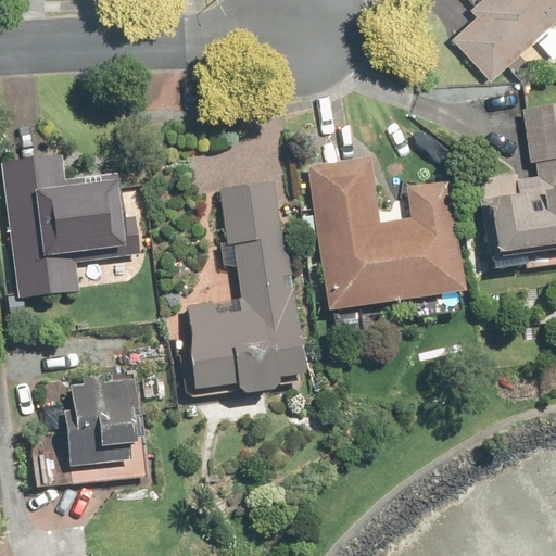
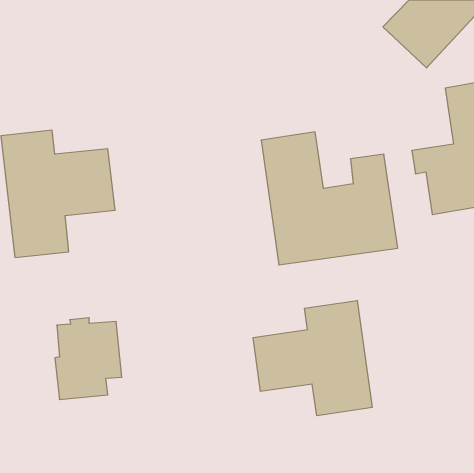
building: [185,175,296,393] -> none
building: none -> [253,300,372,416]

